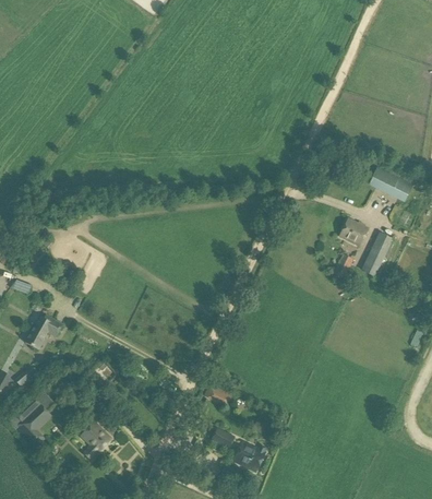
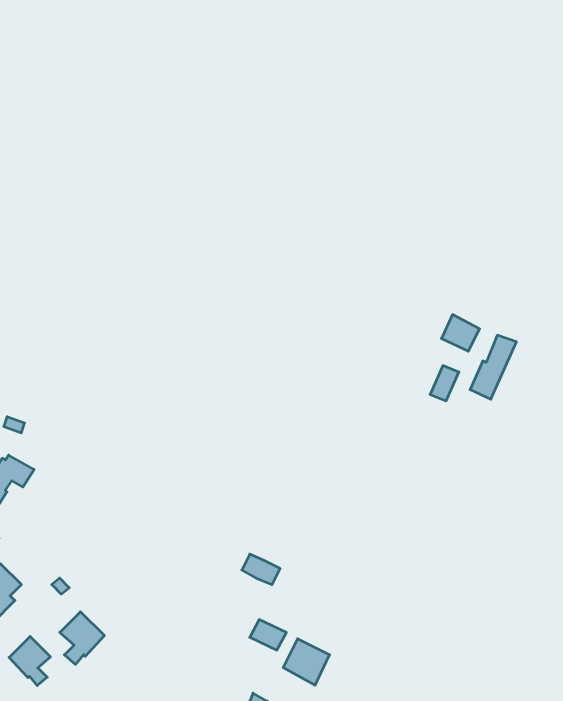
building: [371,168,413,202] -> none
building: none -> [9,636,50,686]

